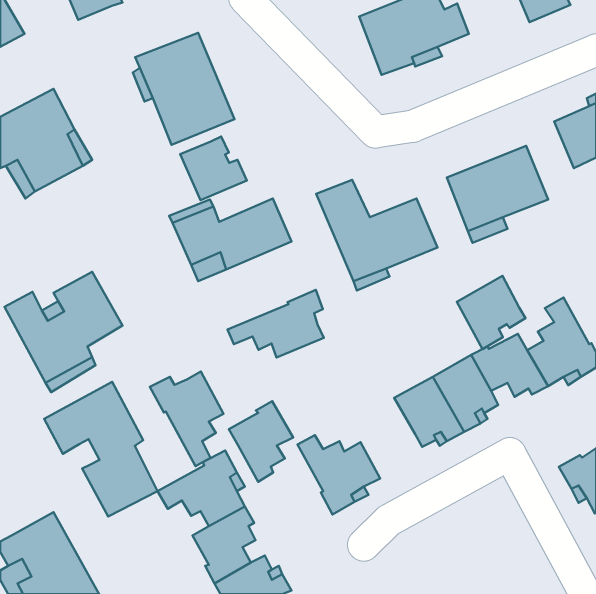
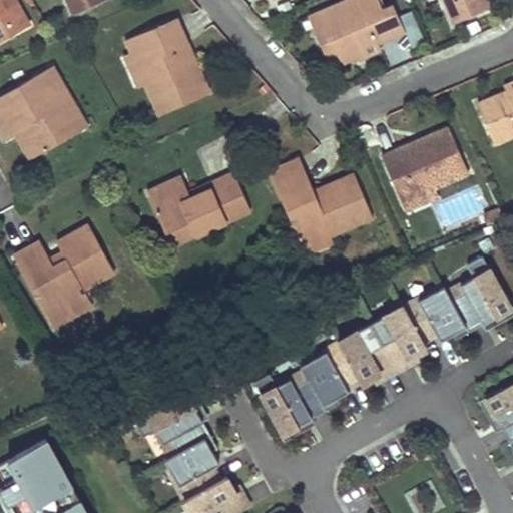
building: [180,136,247,200] -> none
building: [457,276,525,349] -> none
building: [228,290,324,357] -> none
building: [150,371,224,466] -> none
building: [44,382,157,516] -> none
building: [229,401,293,482] -> [302,342,357,411]

